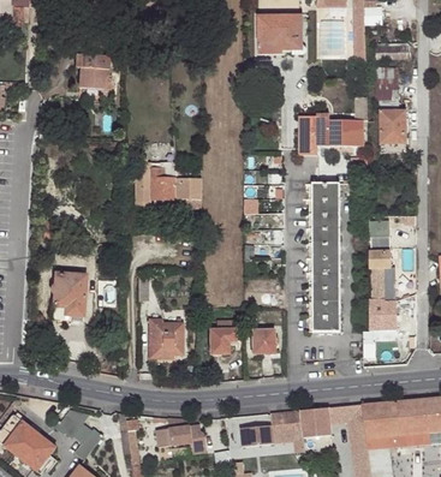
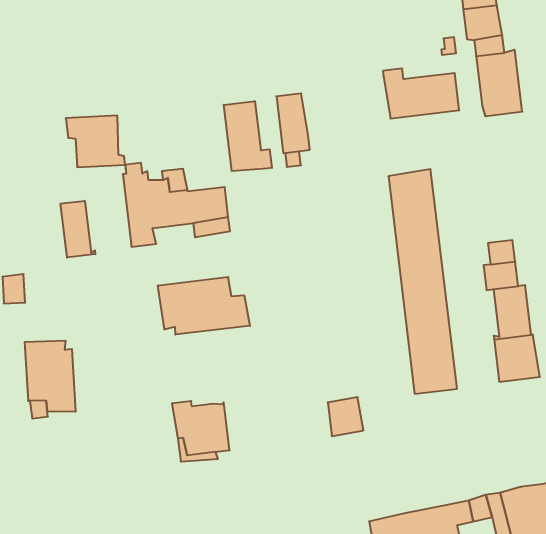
building: [75,53,111,89] -> [66,116,125,167]
building: [299,117,317,155] -> [276,93,310,153]
building: none -> [224,101,272,171]
building: none -> [61,201,95,258]
building: none -> [158,277,250,335]
building: [208,320,234,353] -> none

